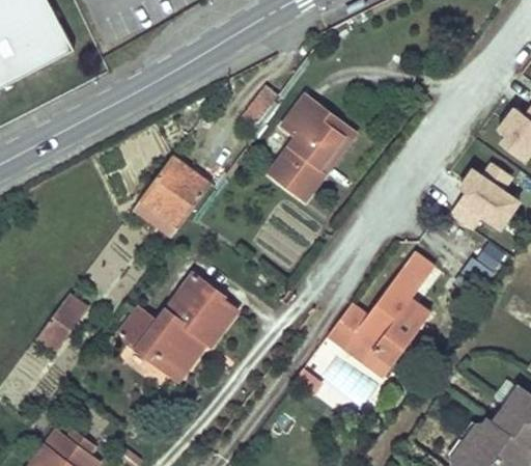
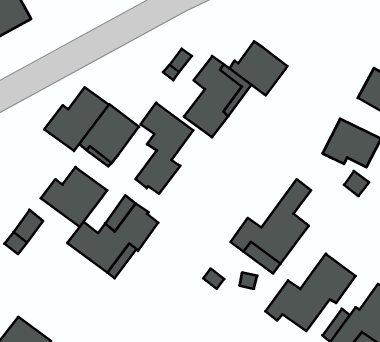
building: none -> [229,41,287,95]
building: none -> [44,87,109,151]
building: none -> [136,103,193,194]
building: none -> [41,167,107,227]
building: none -> [265,254,356,331]

